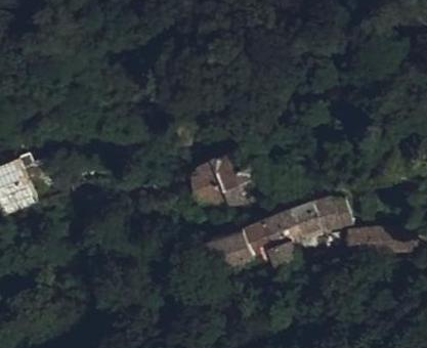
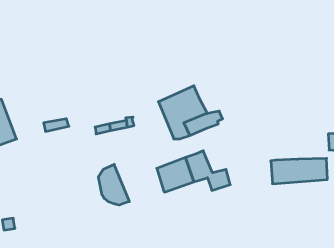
building: [188,160,226,209] -> [98,164,129,205]
building: [262,194,349,246] -> none

